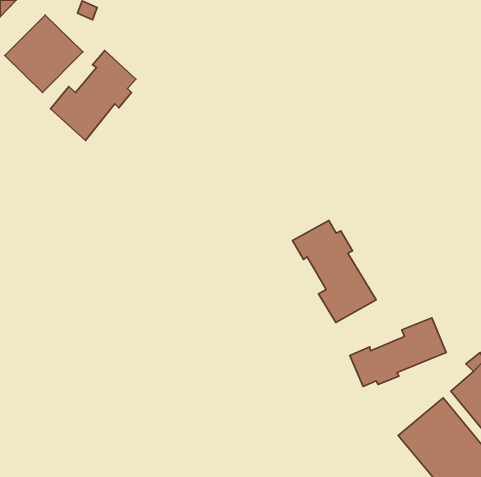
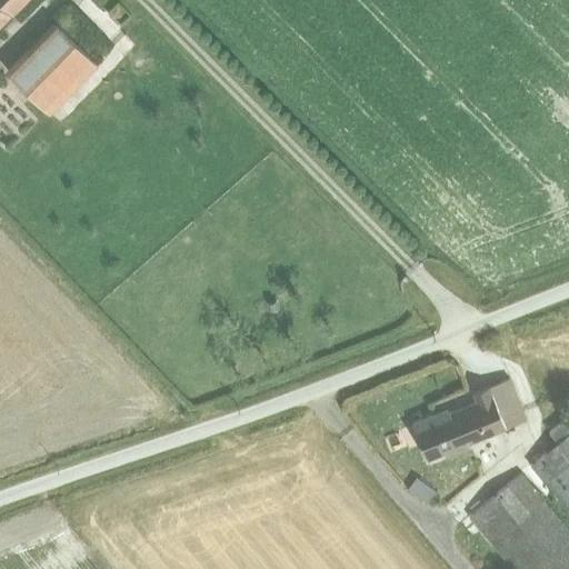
building: [51,50,136,140] -> none
building: [292,220,376,323] -> none

